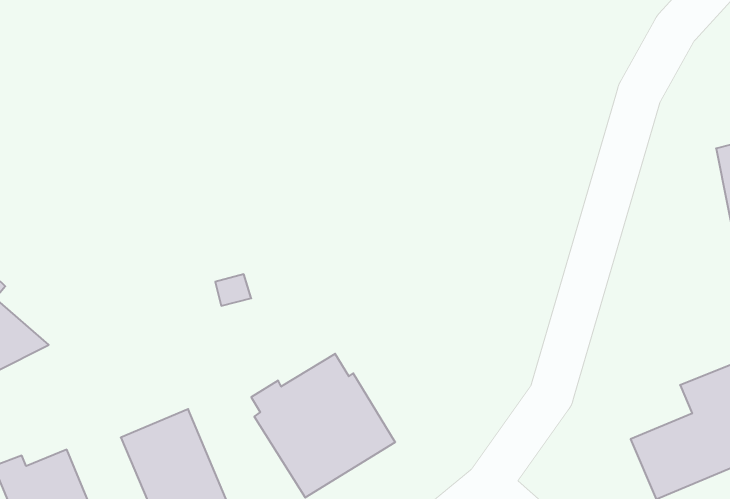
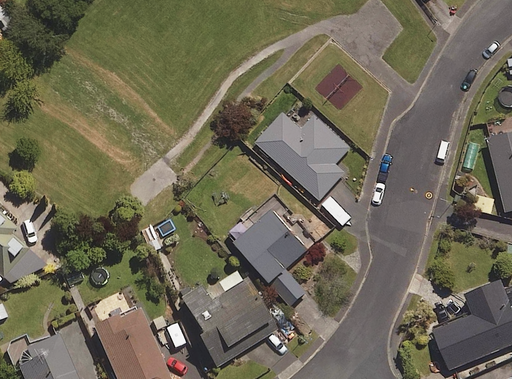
building: none -> [259,103,352,200]
building: none -> [230,200,309,305]

